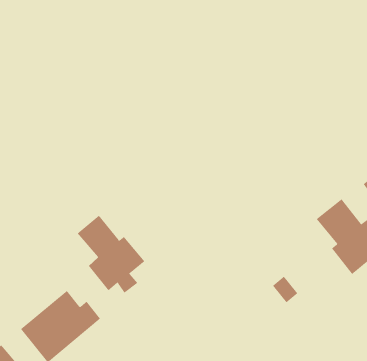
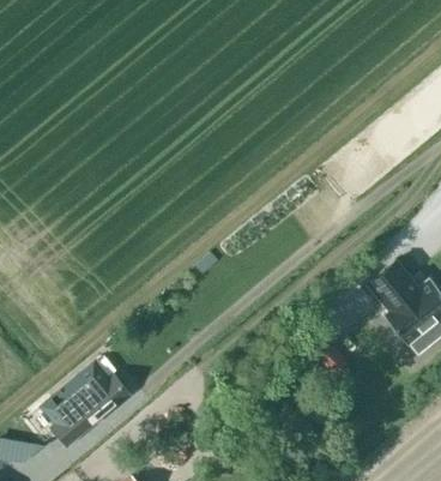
building: [77,215,145,294] -> none

